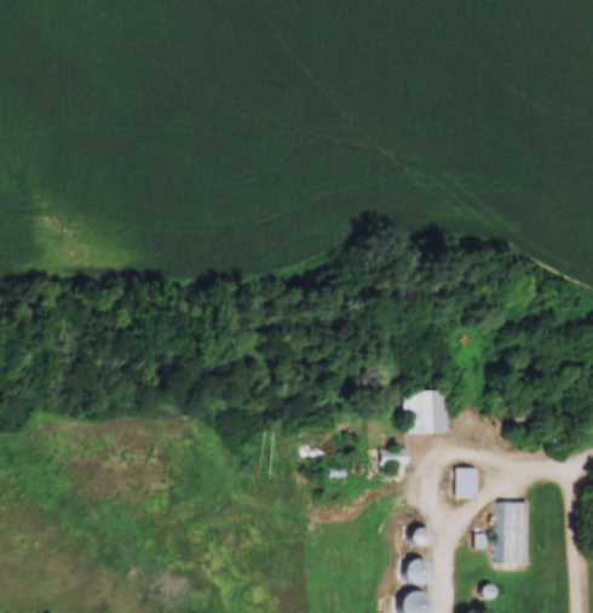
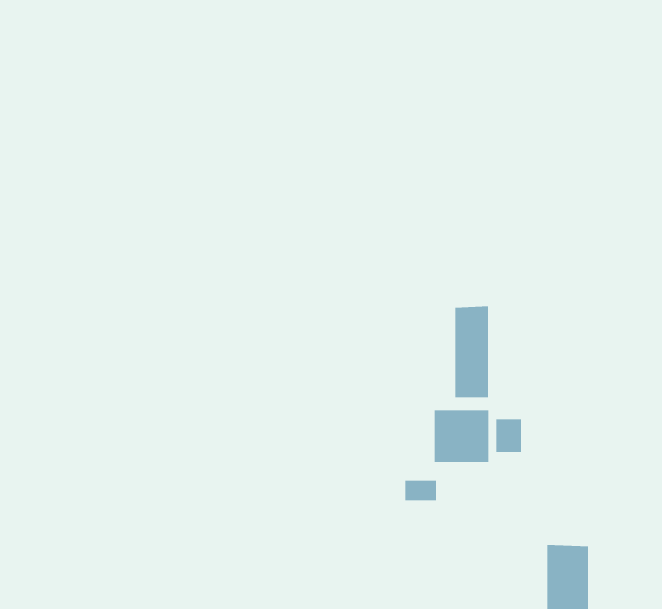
building: none -> [455,305,489,398]
building: [454,469,476,497] -> [495,419,522,452]

